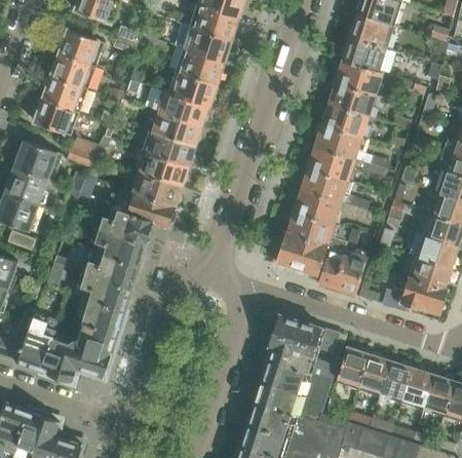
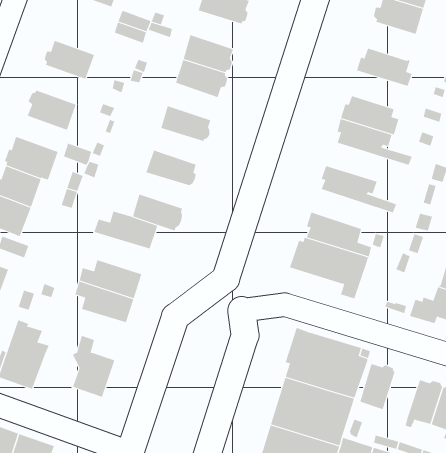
building: [182,26,231,61] -> none
building: [57,29,104,66] -> none
building: [340,36,387,71] -> none
building: [42,75,87,111] -> none
building: [329,80,380,118] -> none
building: [161,91,207,125] -> none
building: [149,132,195,165] -> none
building: [305,146,385,181] -> none
building: [136,173,182,205] -> none
building: [292,188,367,224] -> none
building: [90,227,146,265] -> none
building: [332,251,367,295] -> none
building: [78,297,124,343] -> none
building: [39,337,81,381] -> none
building: [357,352,390,403] -> none

